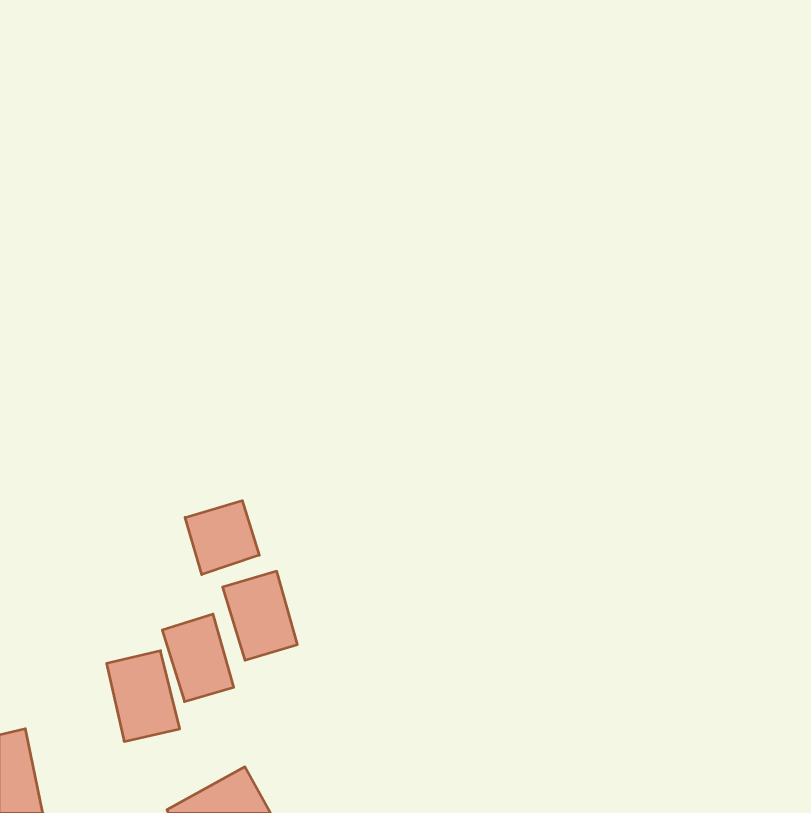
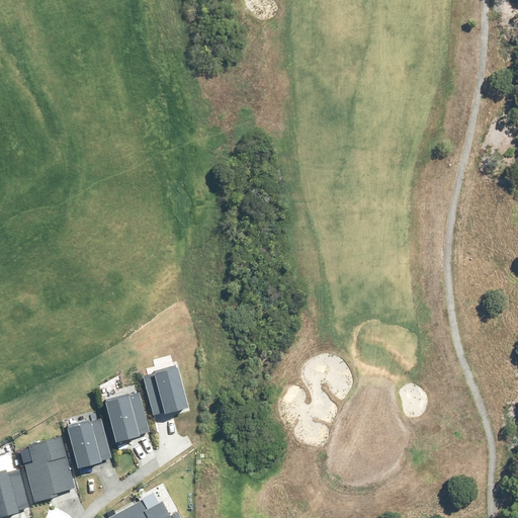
building: [185,501,259,575] -> none
building: none -> [17,435,75,505]

